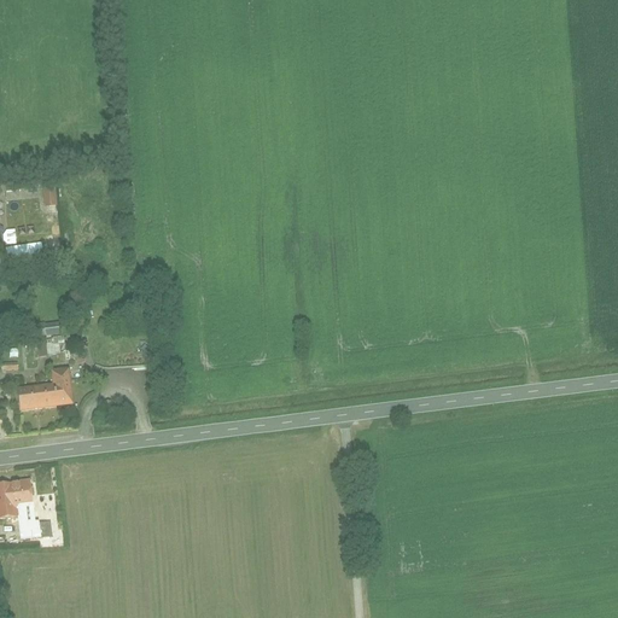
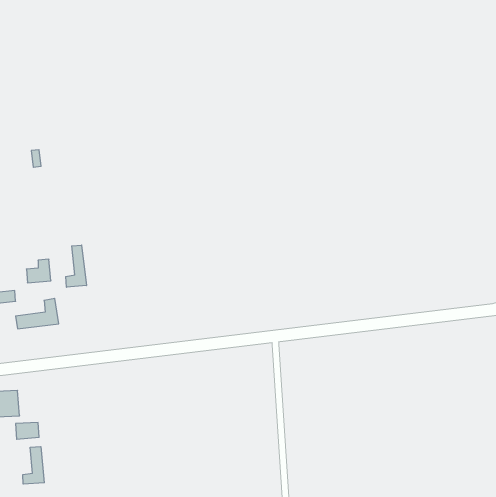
building: none -> [66,245,86,287]
building: none -> [23,447,44,484]

